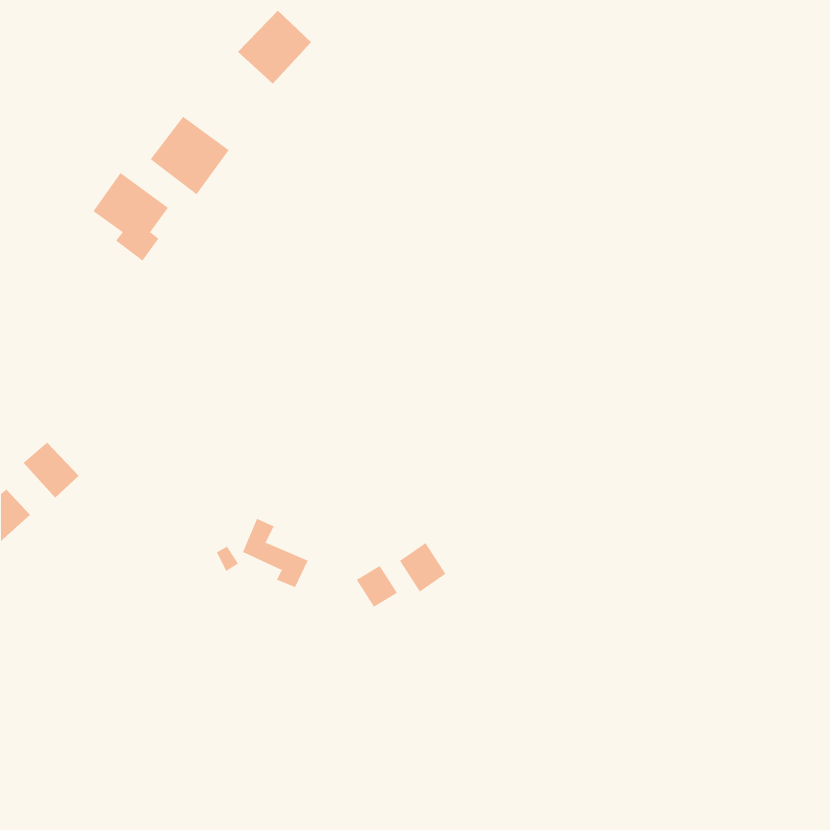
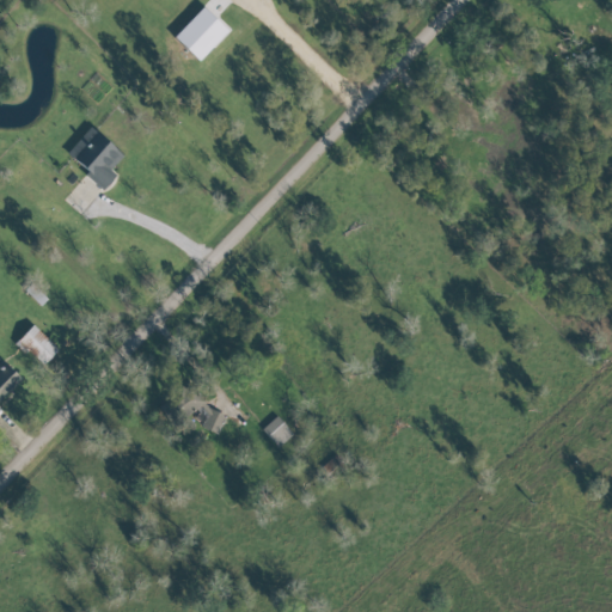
building: [150,116,229,195] -> none
building: [399,542,446,593] -> none

